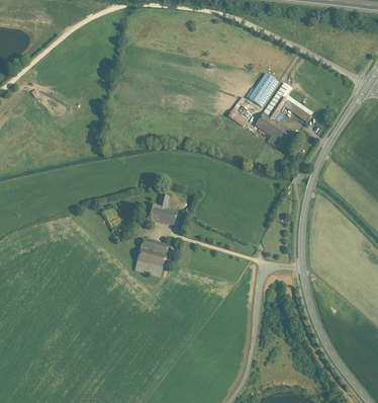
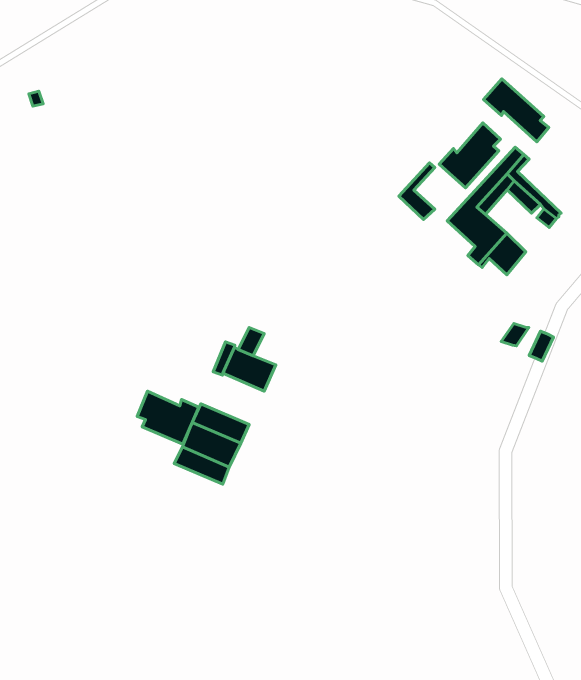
building: none -> [483,79,549,142]
building: none -> [137,391,199,444]

